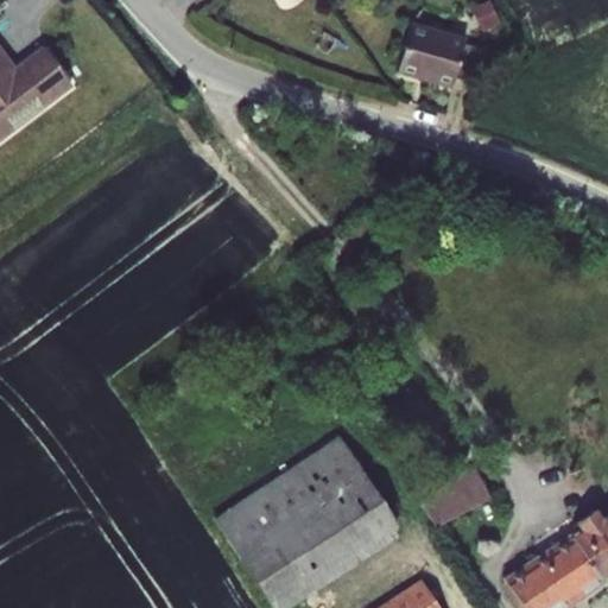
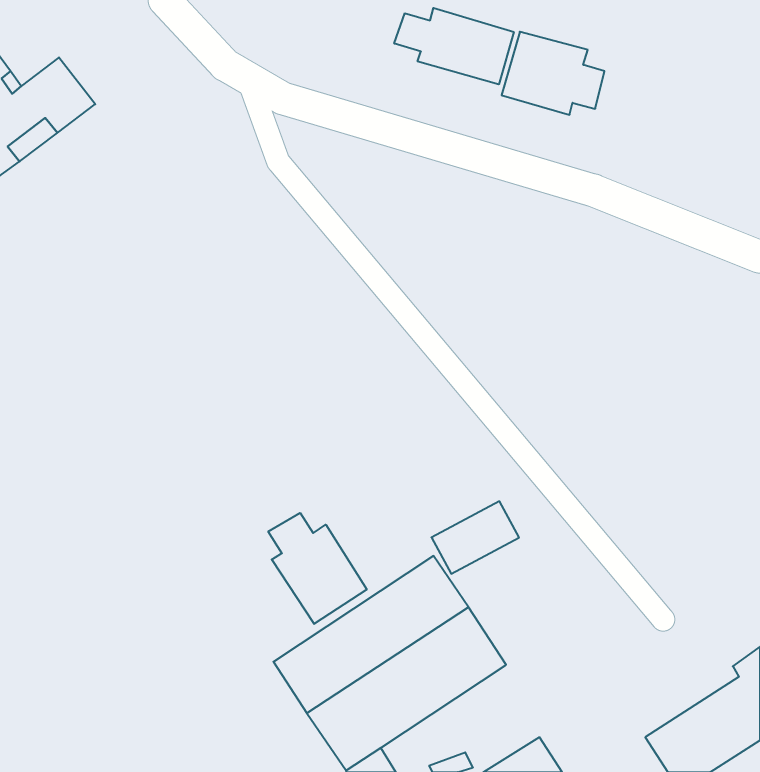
building: none -> [394,8,514,84]
building: none -> [268,513,367,624]
building: [424,469,493,526] -> [431,501,519,574]

